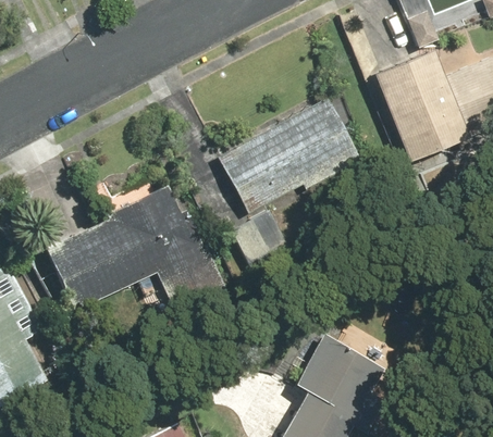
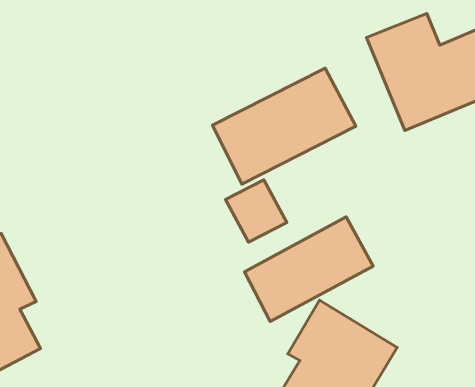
building: [42,182,224,310] -> none
building: none -> [245,217,373,322]

